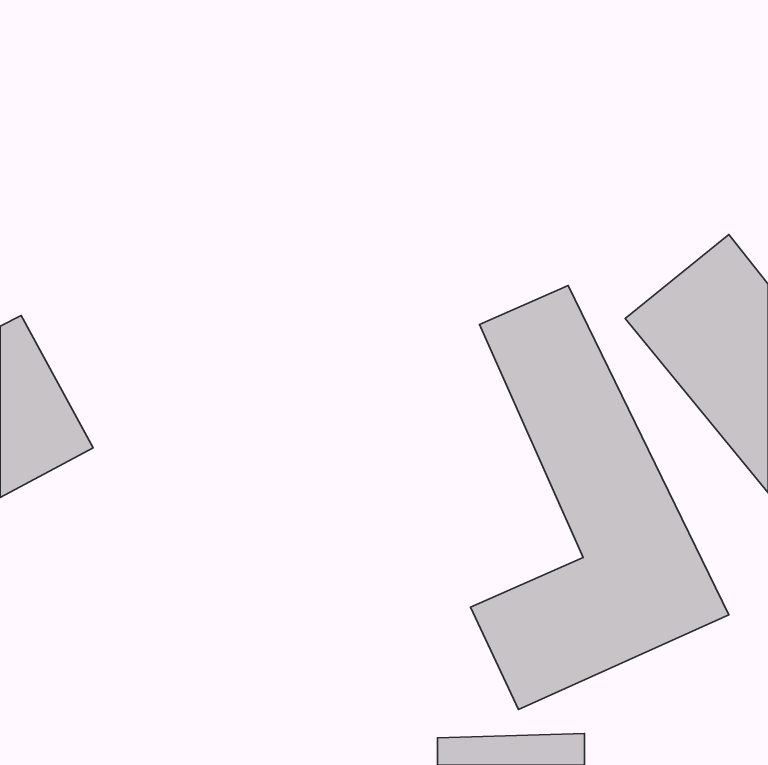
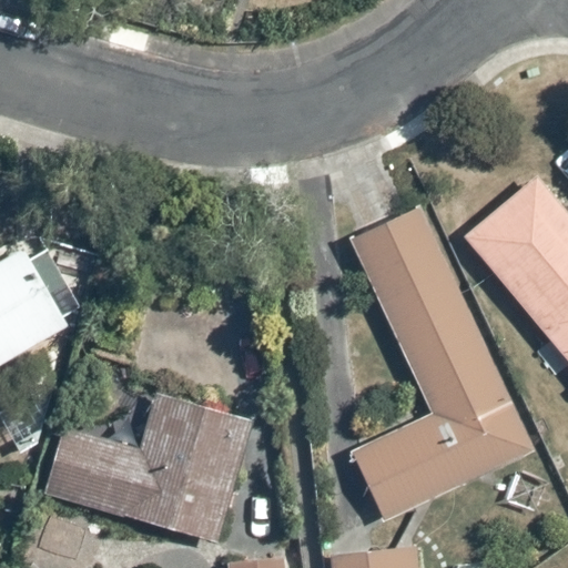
building: none -> [44,390,250,544]

